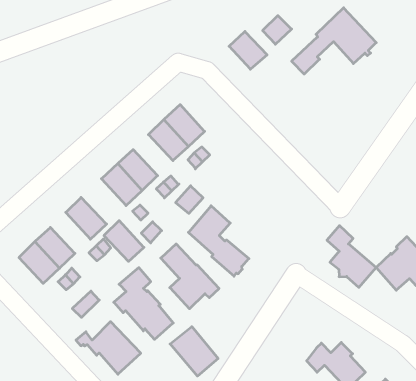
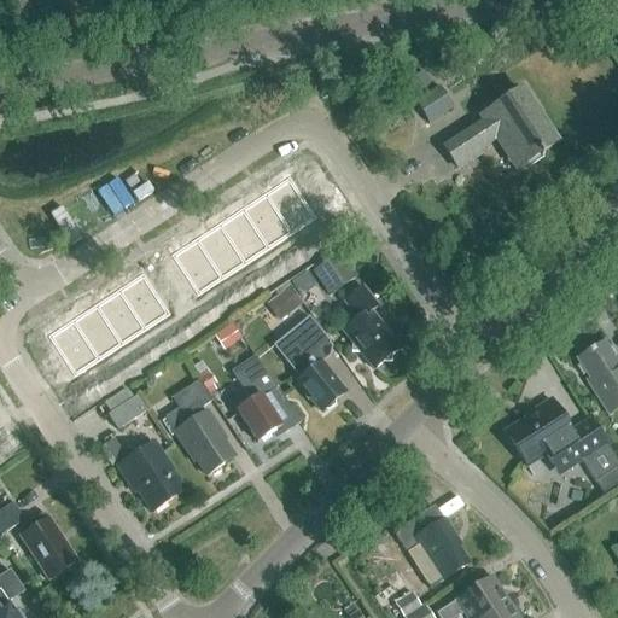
building: [229,31,267,69] -> none
building: none -> [222,209,270,263]
building: none -> [314,252,354,292]
building: [104,221,144,261] -> [99,290,147,344]
building: [327,226,376,287] -> [343,284,401,367]
building: [170,327,218,376] -> none

